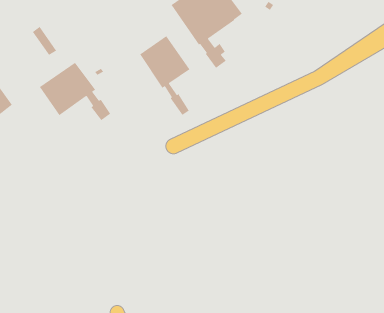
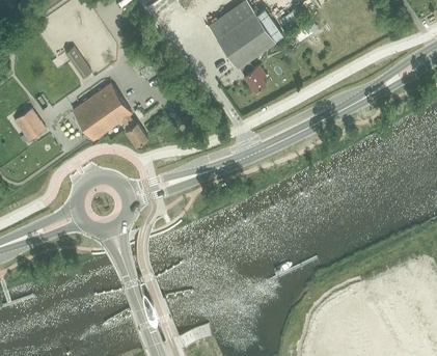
building: [139,35,191,116] -> none

